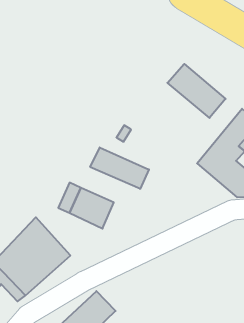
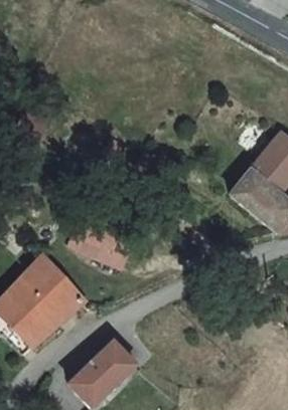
building: [167,64,226,118] -> none
building: [90,147,149,189] -> none

